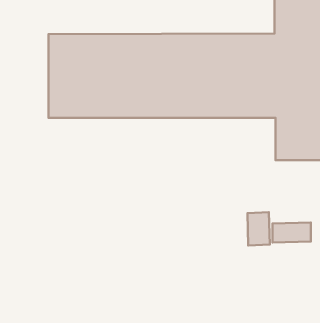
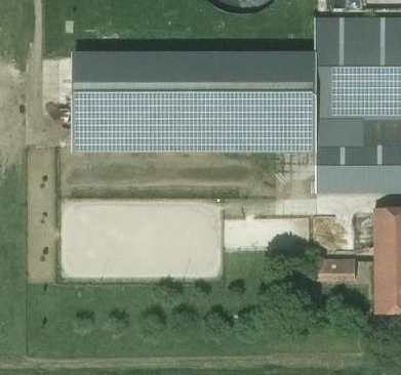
building: [247,212,270,245] -> none

